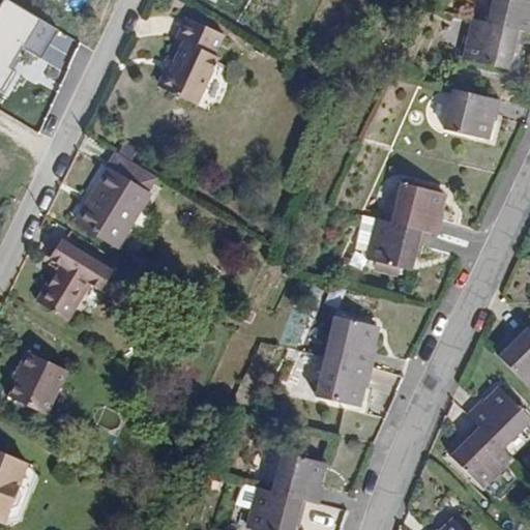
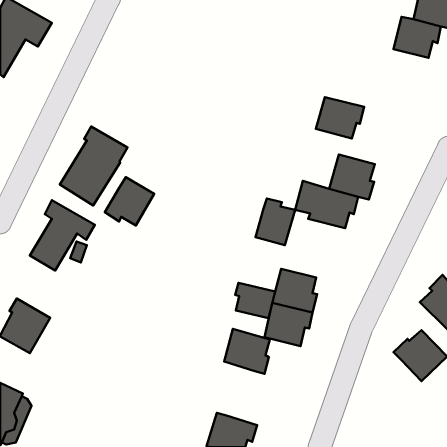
building: [164,17,226,101] -> none
building: [444,90,501,139] -> [316,97,364,139]
building: none -> [105,177,154,225]
building: none -> [255,198,295,245]
building: none -> [235,283,275,318]
building: [449,424,509,488] -> none
building: [269,451,323,504] -> [224,329,270,374]

